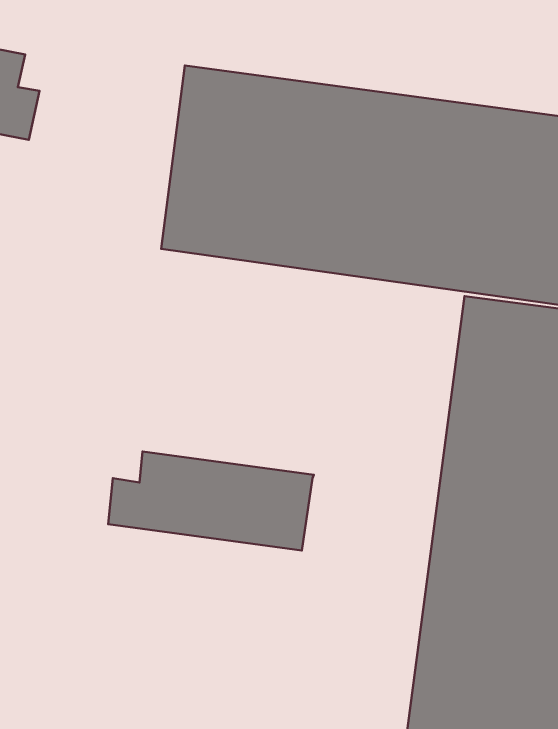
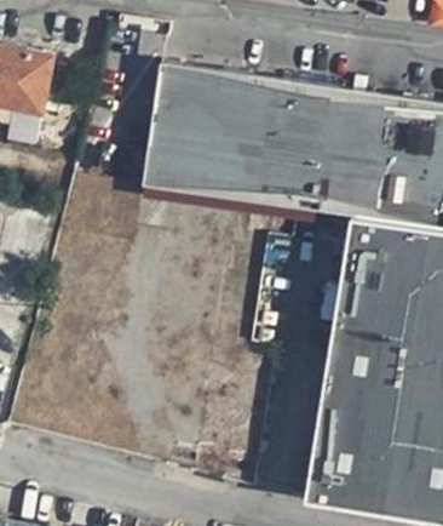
building: [108,452,314,551] -> none

